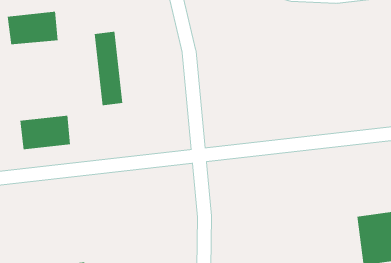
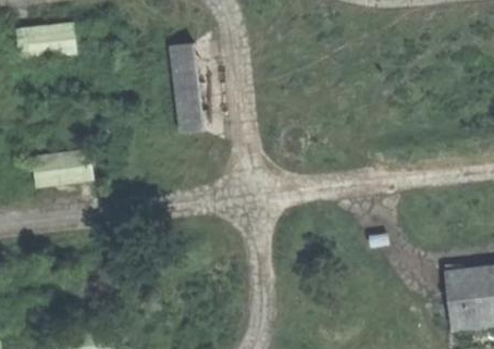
building: [94,31,123,106] -> [168,43,203,135]

